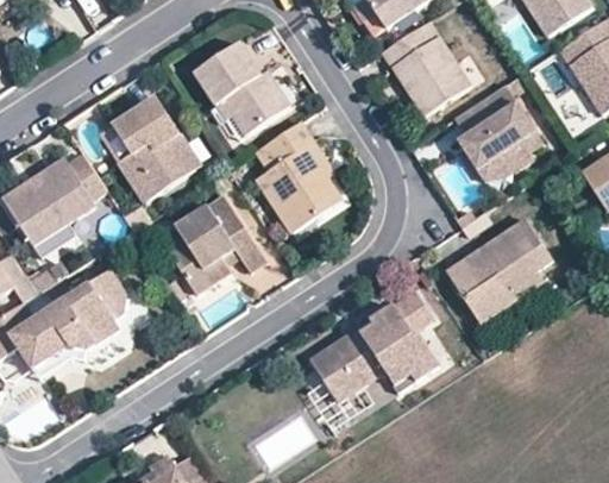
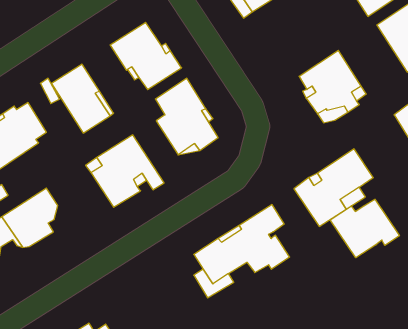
building: [379,20,469,114] -> none
building: none -> [330,199,399,258]

